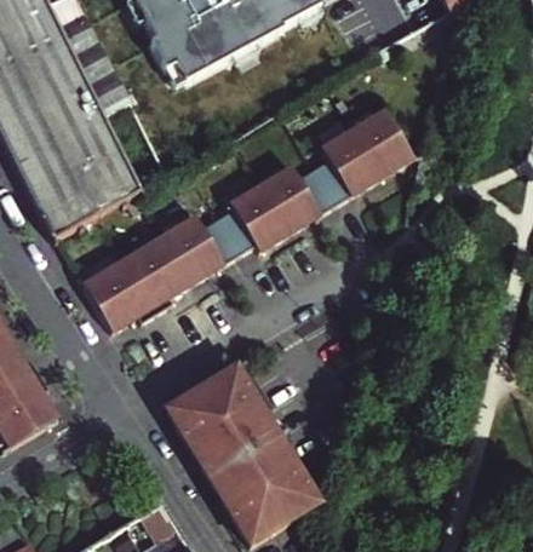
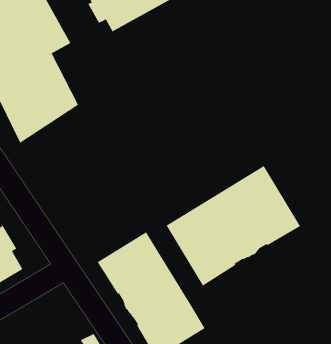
building: [82,115,409,328] -> none
building: none -> [166,165,301,287]

